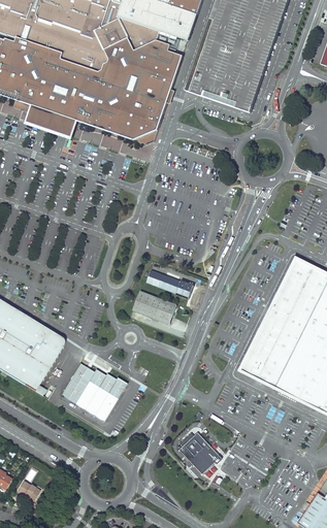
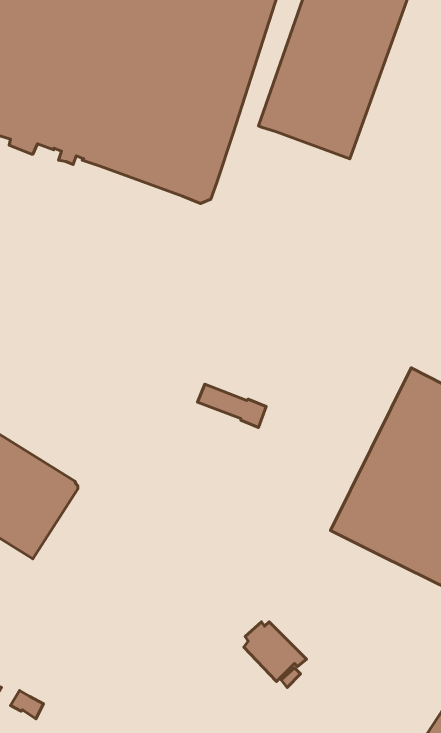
building: [29,103,79,137] -> none
building: [133,291,177,324] -> none
building: [61,363,127,421] -> none

